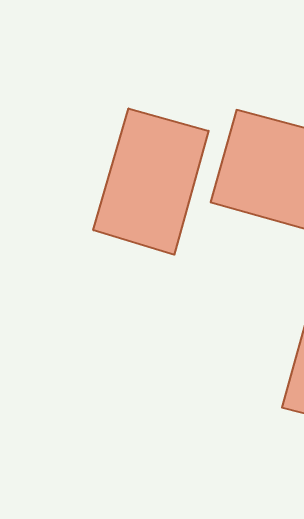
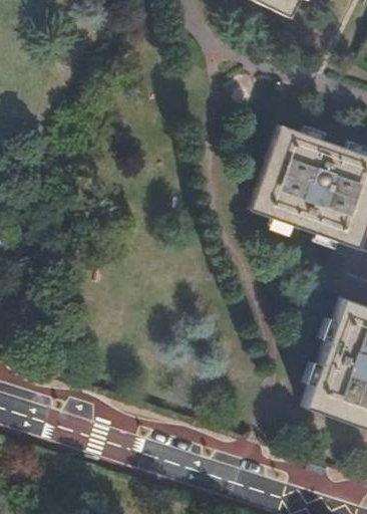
building: [93,108,209,255] -> none

